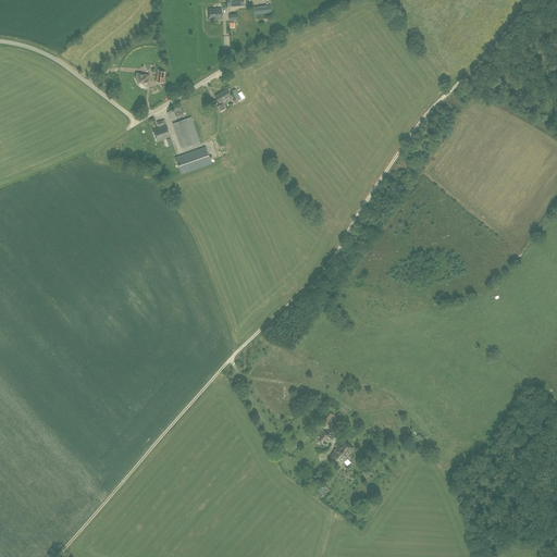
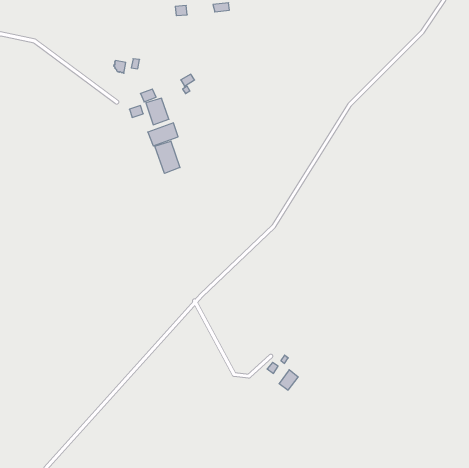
building: none -> [155,141,180,173]

